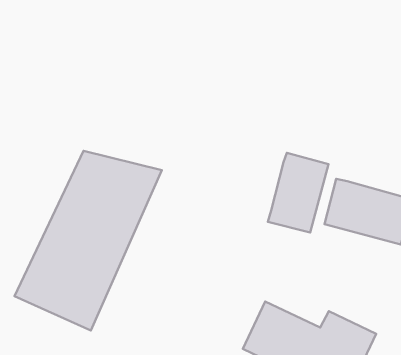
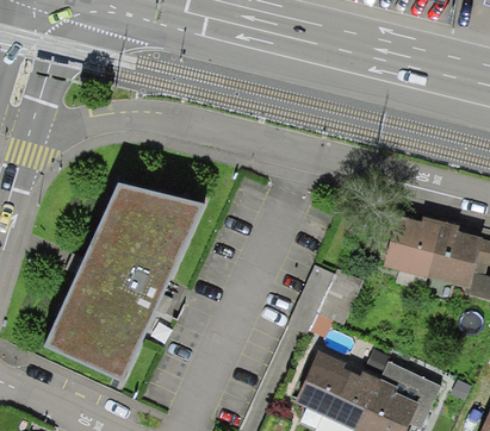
building: [268,153,328,232] -> none

